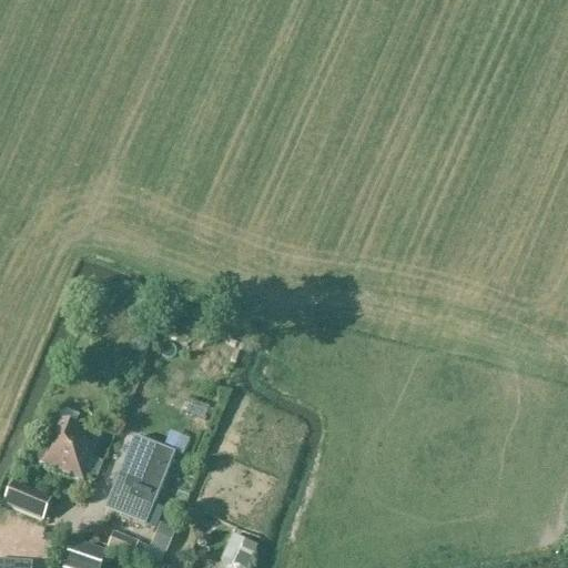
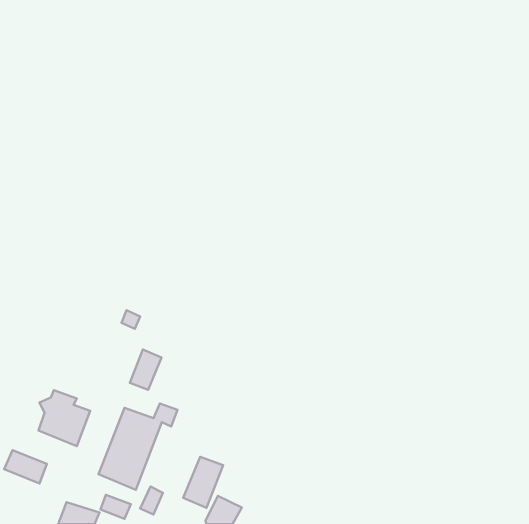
building: none -> [130,350,161,390]
building: none -> [183,457,223,508]

